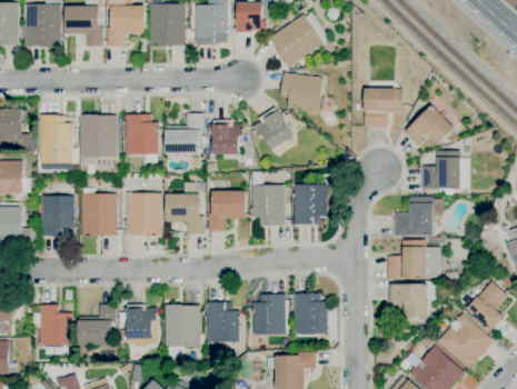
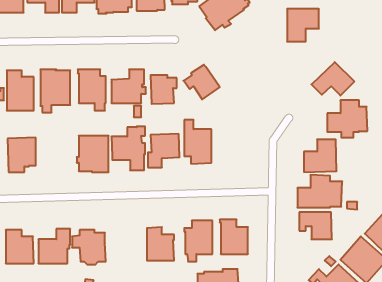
building: [279,73,324,111] -> none
building: [364,89,401,128] -> [287,9,319,42]
building: [294,184,326,225] -> none
building: [81,186,117,237] -> none
building: [165,306,199,347] -> none

